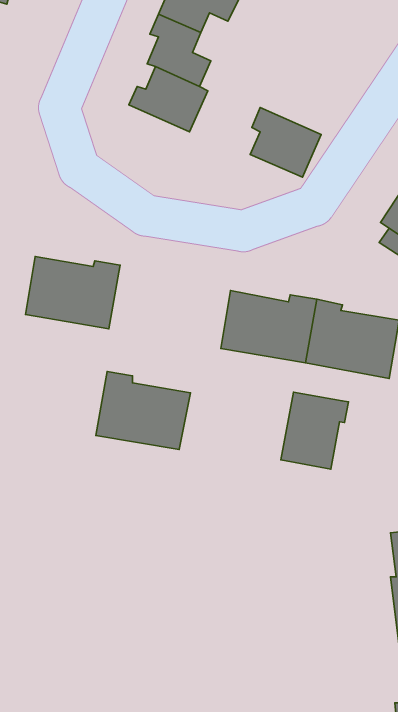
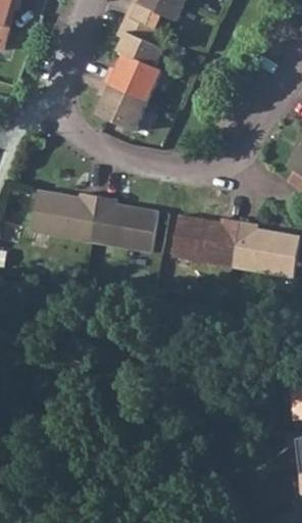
building: [250,108,321,177] -> [97,80,148,130]
building: [96,372,191,450] -> [90,195,158,251]
building: [281,392,348,469] -> none

